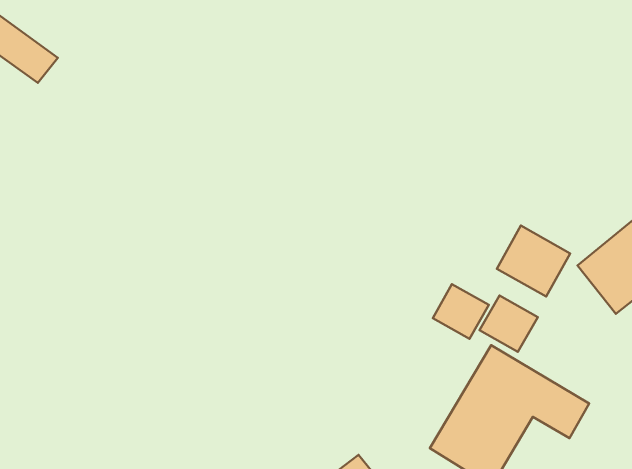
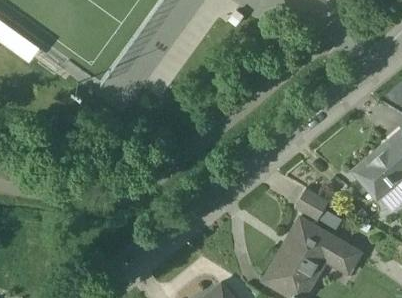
building: [497,226,570,297] -> none
building: [433,284,489,339] -> none

